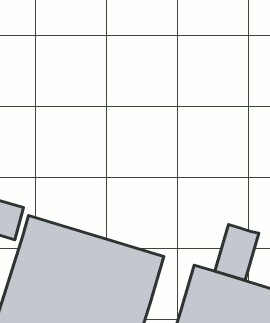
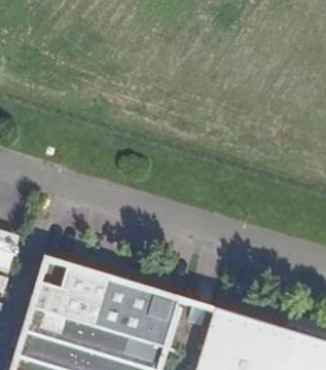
building: [215,225,259,280] -> [171,297,217,356]

